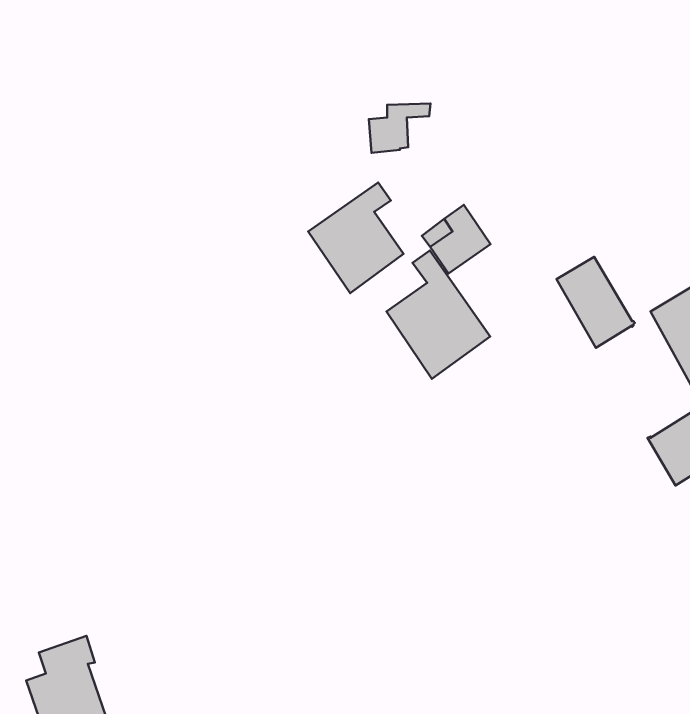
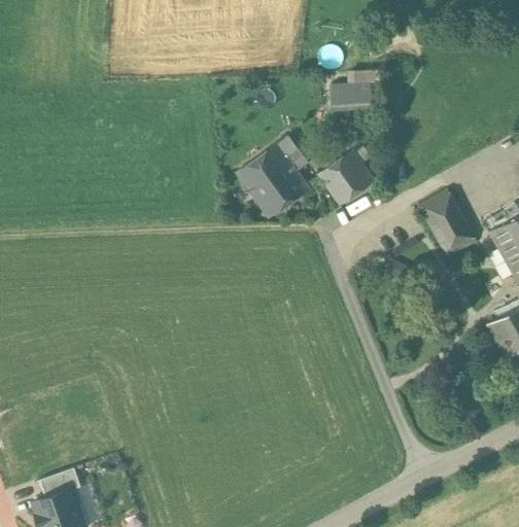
building: [369,104,431,153] -> [336,73,381,109]
building: [386,250,490,379] -> none

